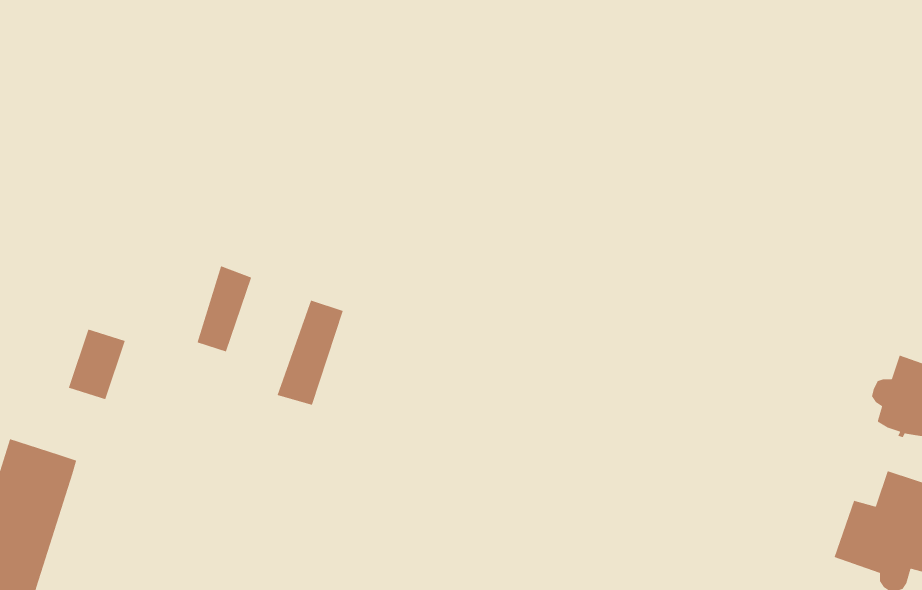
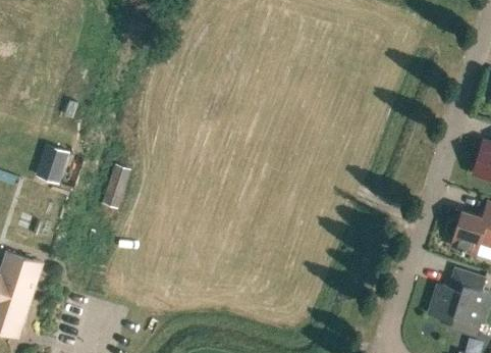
building: [276,300,344,406] -> none
building: [68,328,126,400] -> [39,147,68,184]

